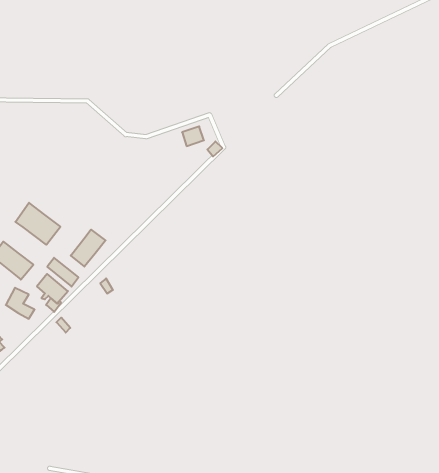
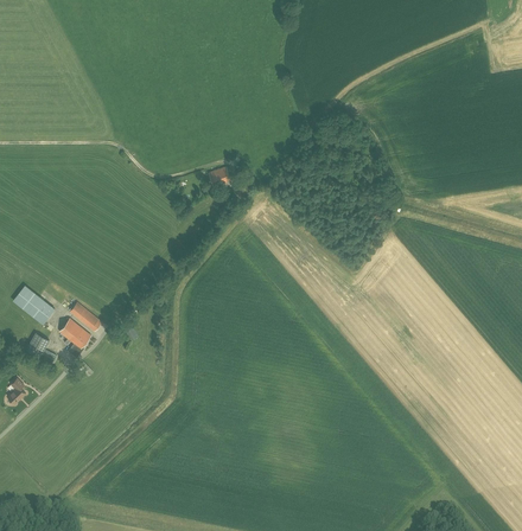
building: [15,203,60,245] -> none
building: [71,230,106,267] -> none

